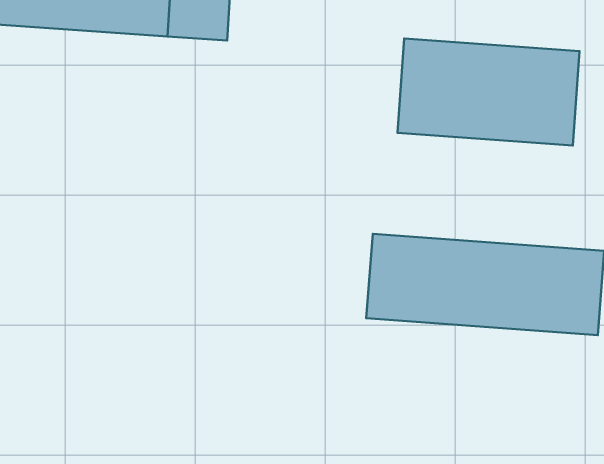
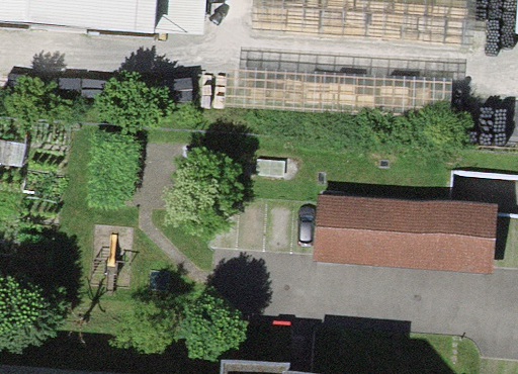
building: [398,38,579,146] -> none

